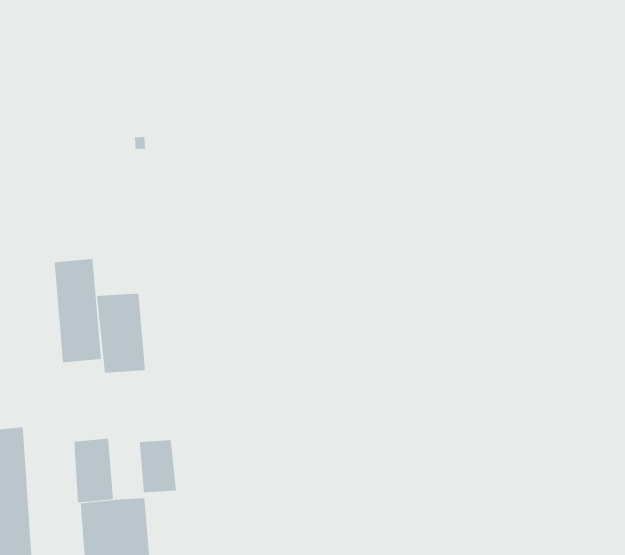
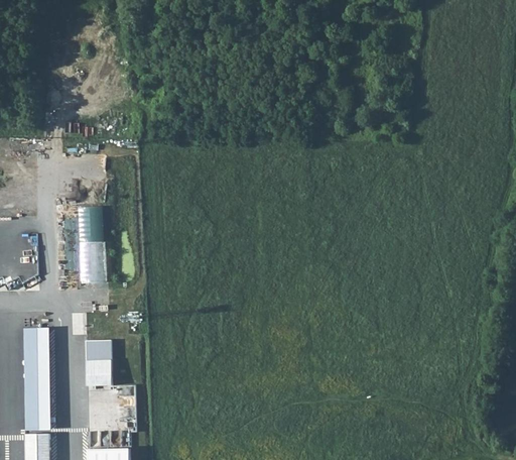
building: [96,293,145,373] -> none
building: [139,439,177,493] -> none

